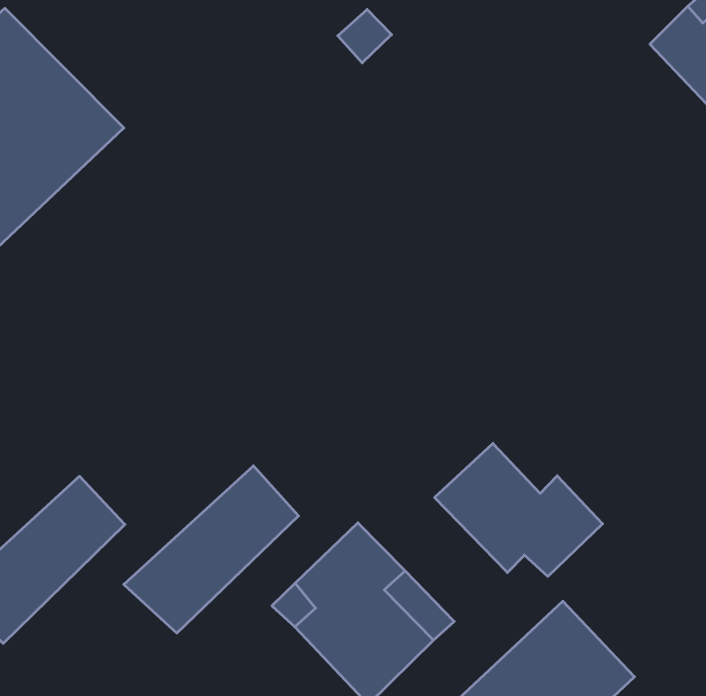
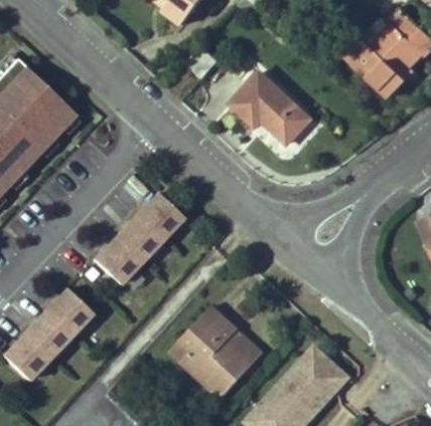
building: none -> [231,72,310,144]
building: [435,443,603,576] -> none
building: [124,466,299,633] -> [96,195,182,281]

